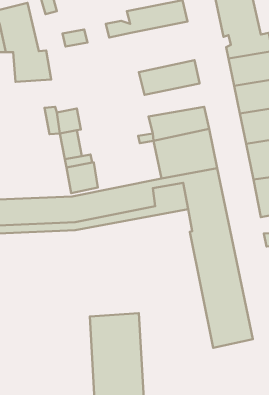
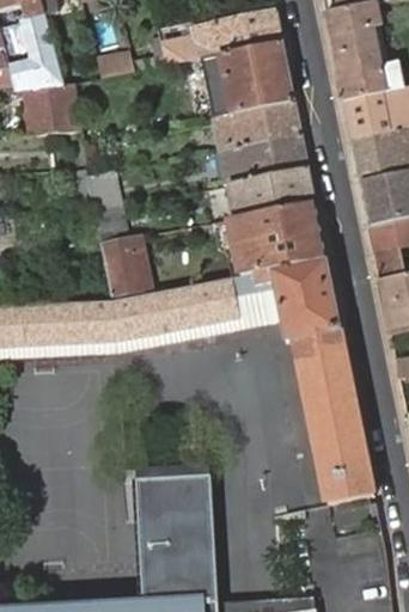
building: none -> [197,42,292,117]
building: none -> [218,134,306,183]

